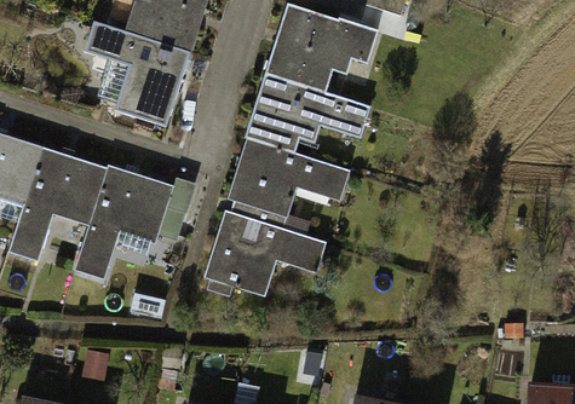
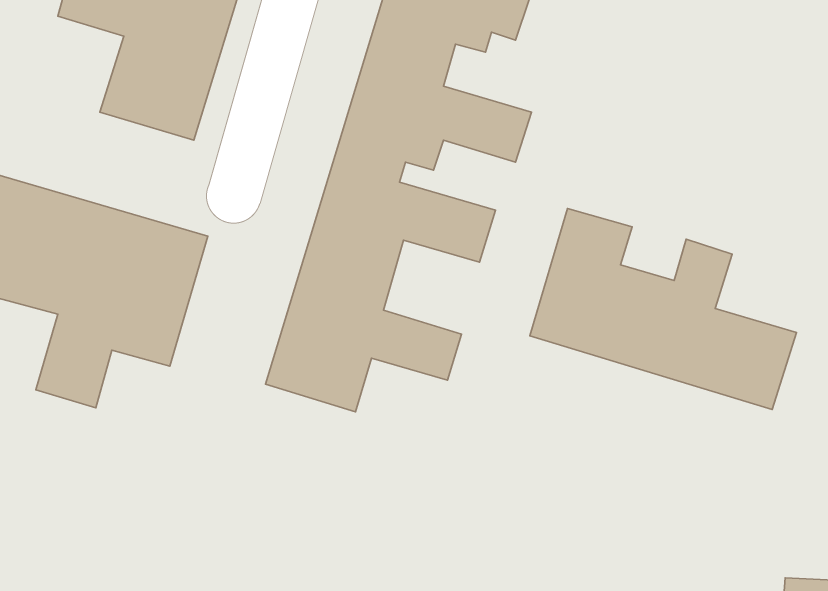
building: none -> [530,209,796,409]

